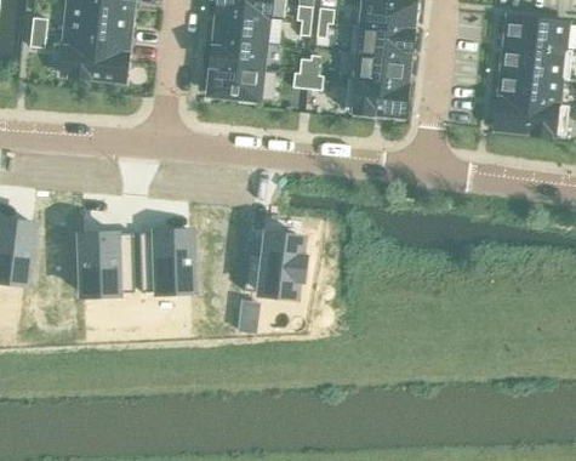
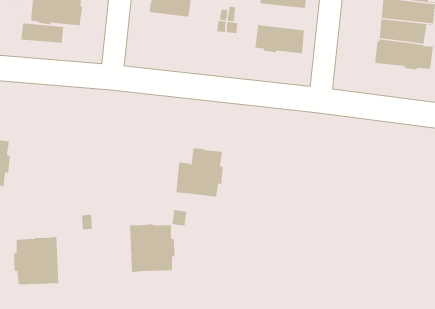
building: [350,51,409,84] -> none
building: [210,62,262,102] -> none
building: none -> [20,22,64,43]
building: [139,229,198,291] -> [129,224,176,273]
building: [78,231,136,292] -> [13,236,59,285]

